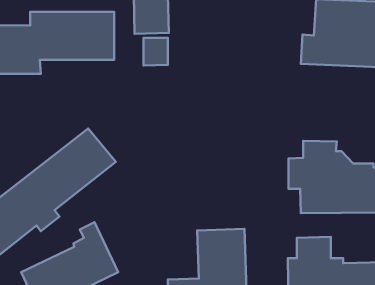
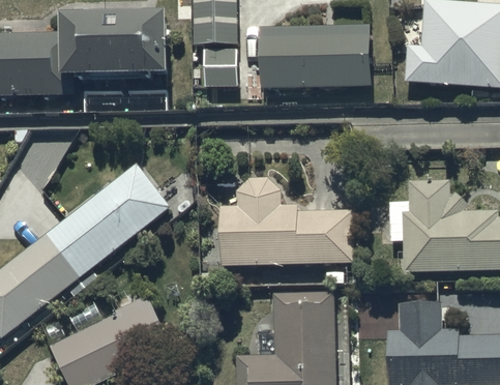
building: none -> [260,24,371,87]
building: none -> [219,178,351,265]

